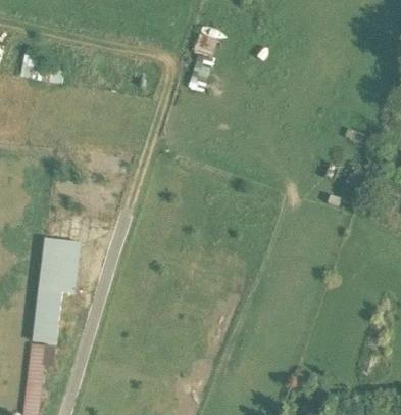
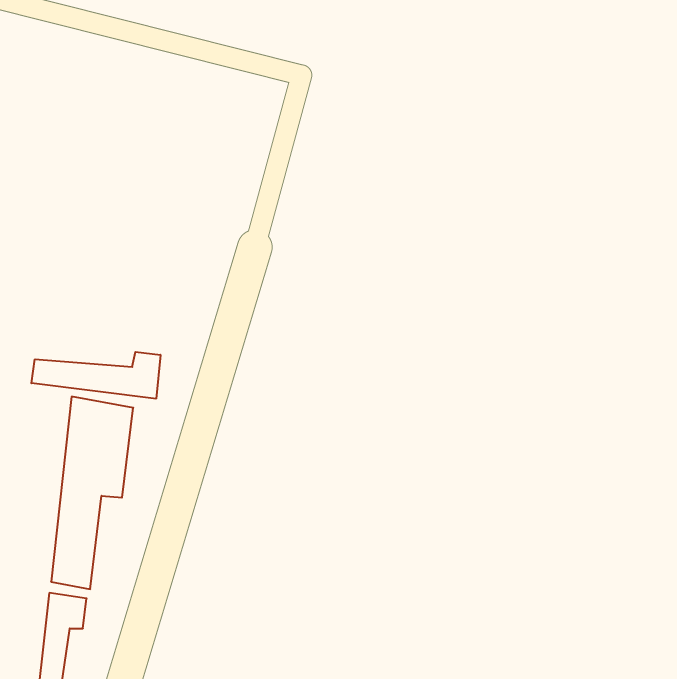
building: none -> [31,352,160,399]

